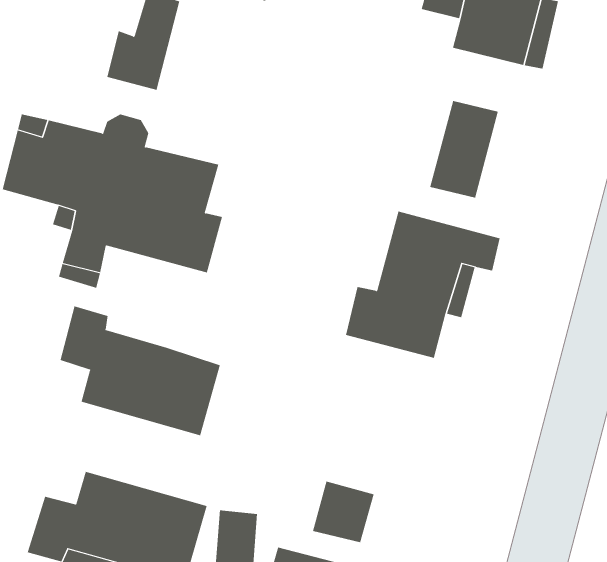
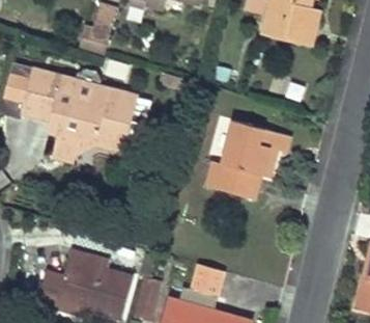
building: [430,100,499,199] -> none
building: [60,305,221,436] -> none

